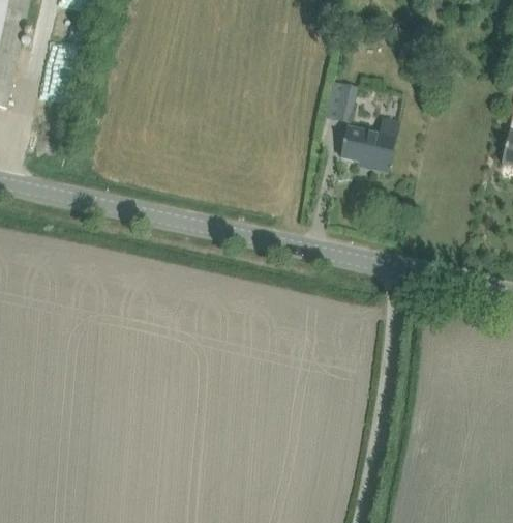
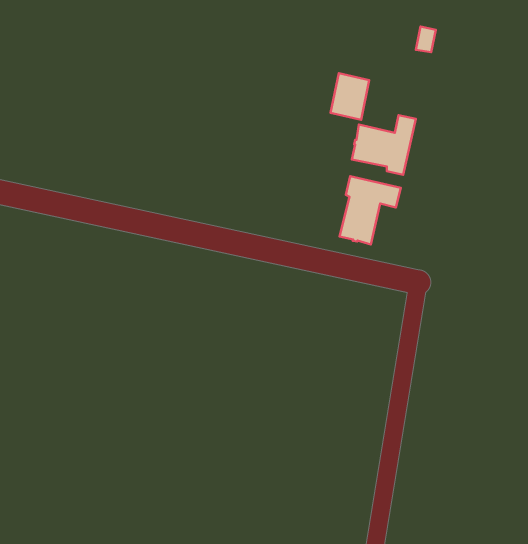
building: none -> [340,176,401,245]

